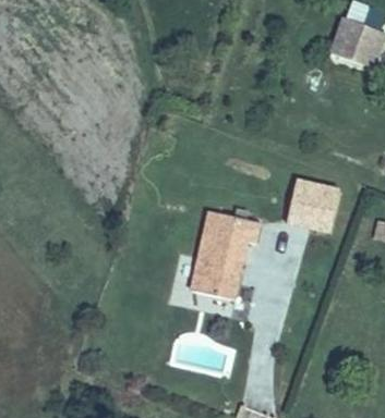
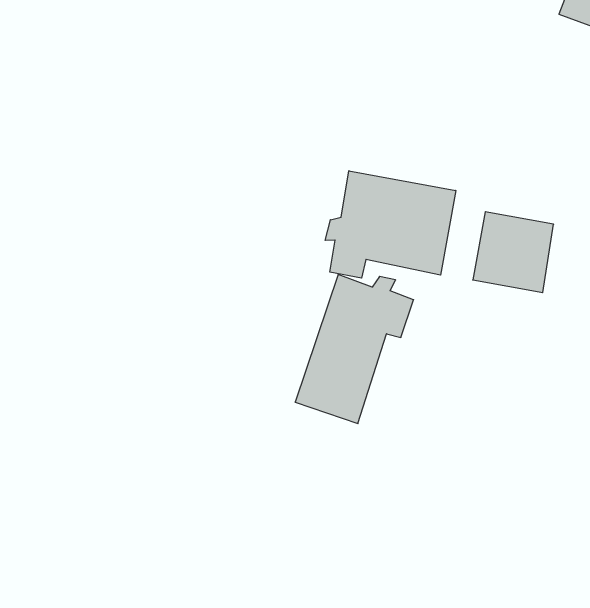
building: none -> [325,171,456,278]

